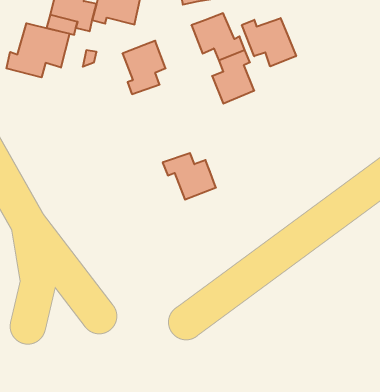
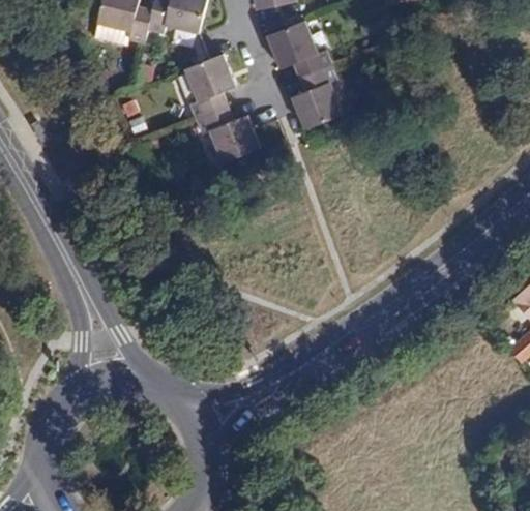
building: [242,18,296,66] -> none
building: [6,23,69,77] -> none
building: [163,153,216,200] -> [195,106,259,161]

